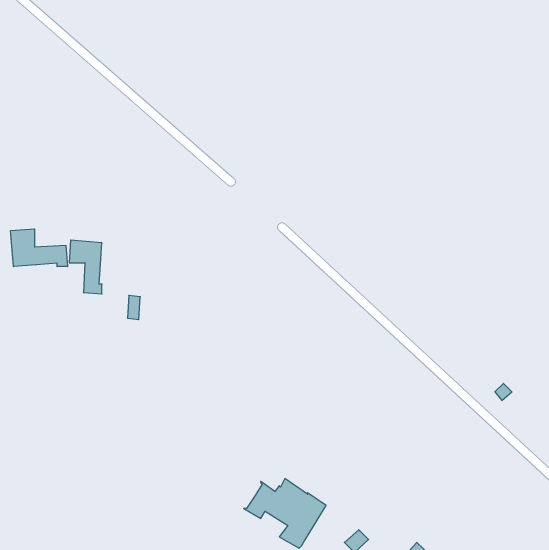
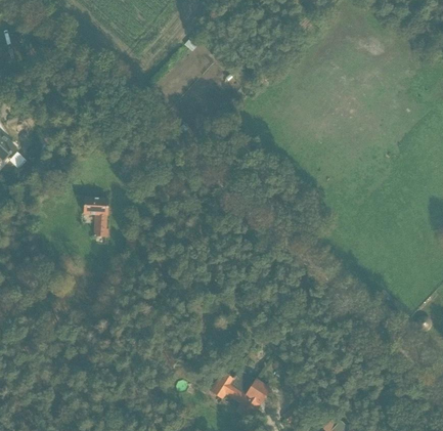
building: [11,229,67,267] -> none

